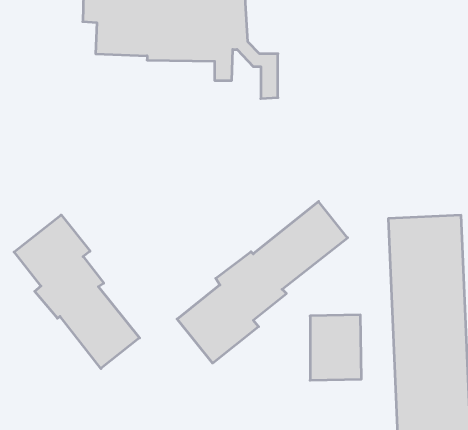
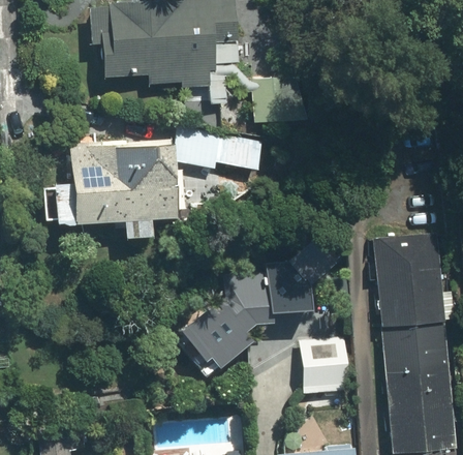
building: none -> [38,131,263,243]
building: [14,215,140,369] -> none

